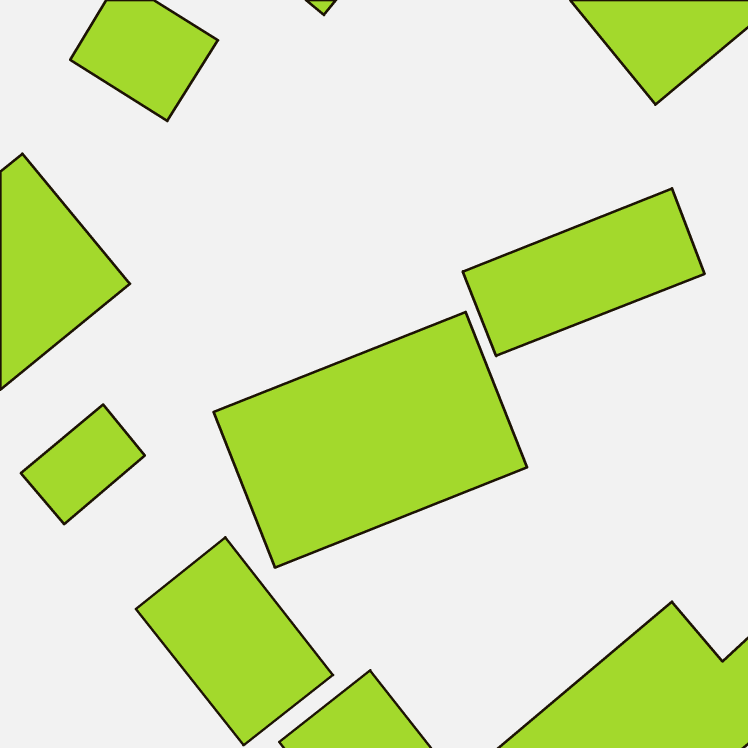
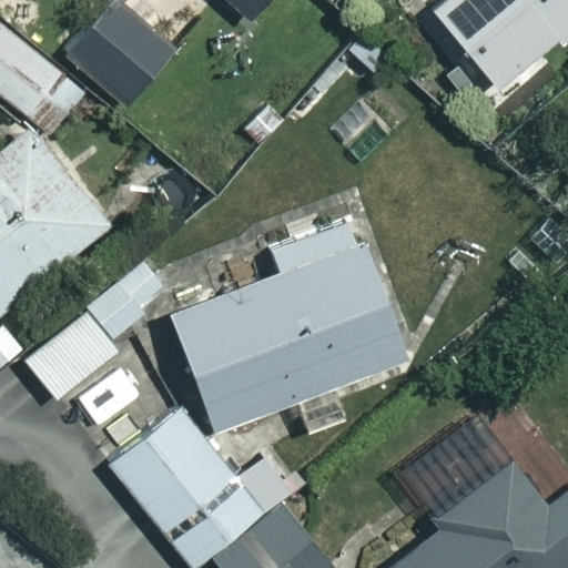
building: [463,188,704,356] -> none

